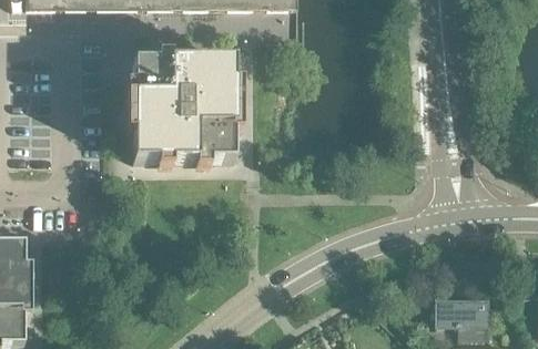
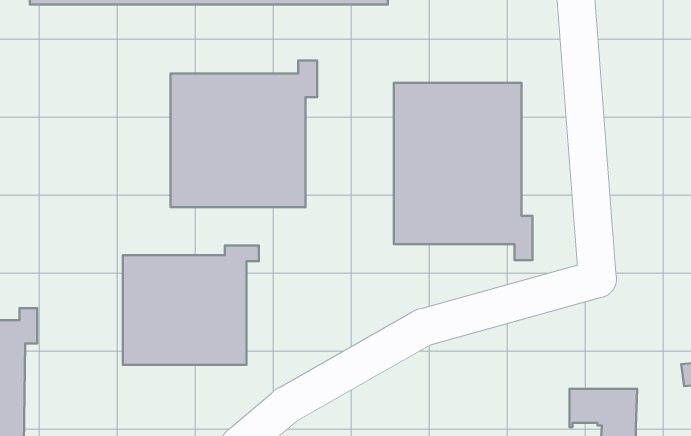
building: none -> [394,83,533,260]
building: none -> [123,246,259,365]

